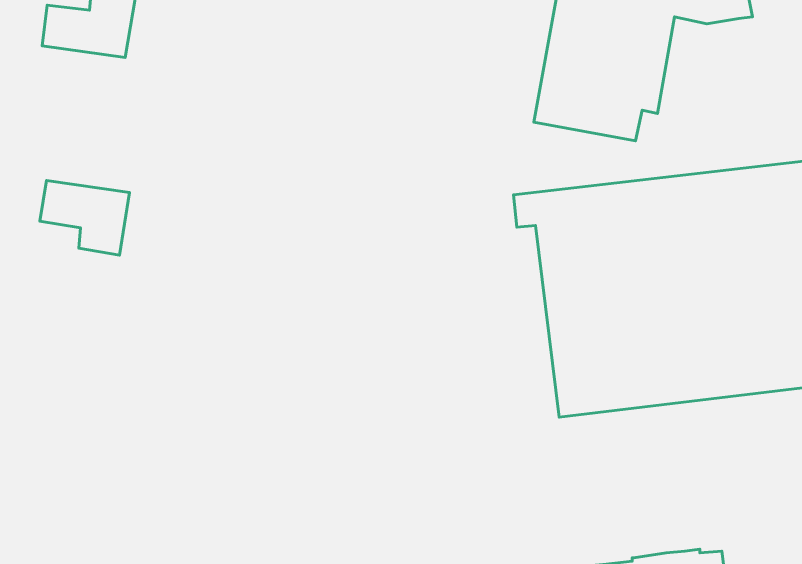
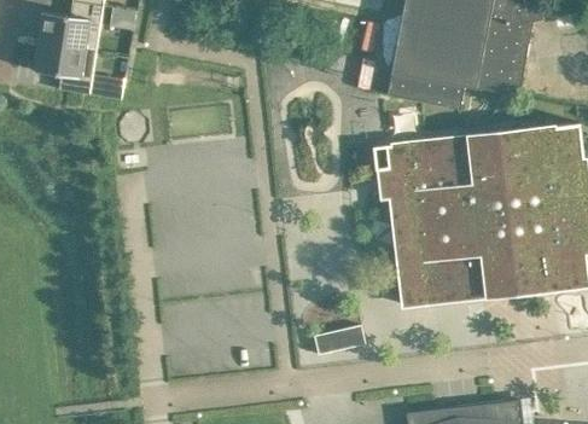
building: none -> [475,19,532,95]
building: [40,180,130,255] -> [31,40,95,93]
building: none -> [314,325,365,354]

